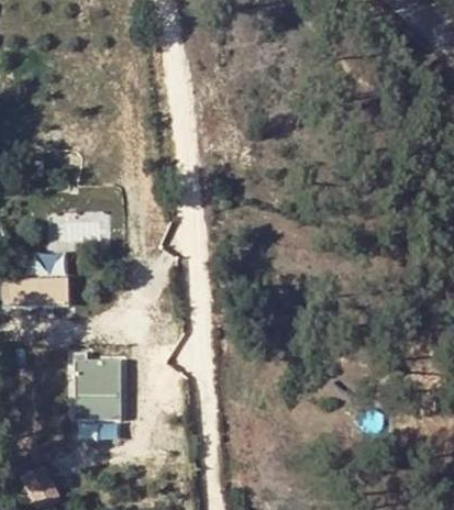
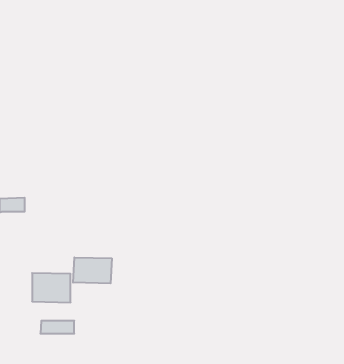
building: none -> [73,257,112,283]

